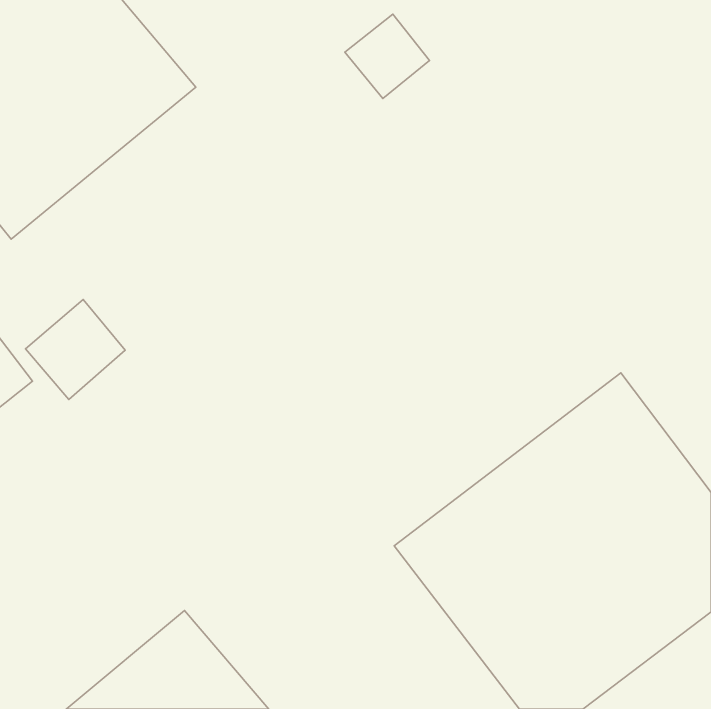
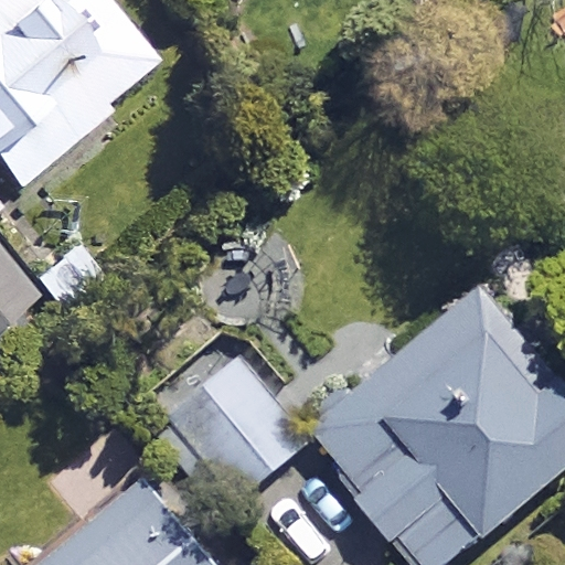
building: none -> [150,339,310,505]

